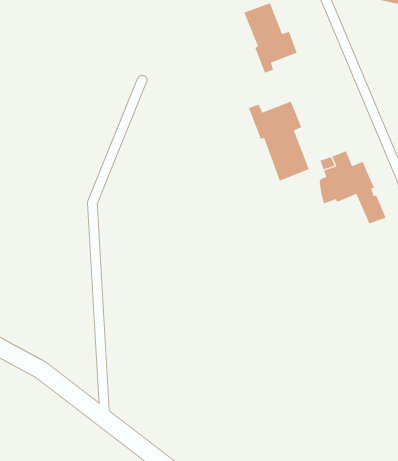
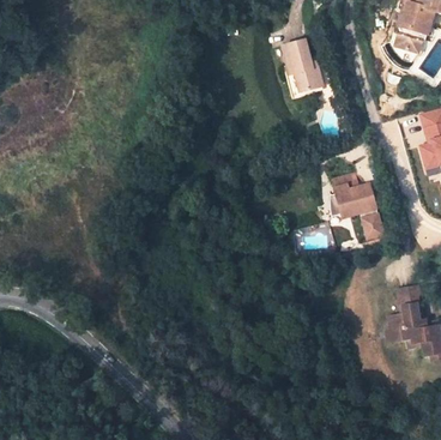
building: [248,101,309,181] -> none

